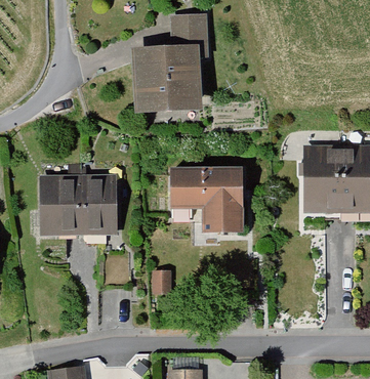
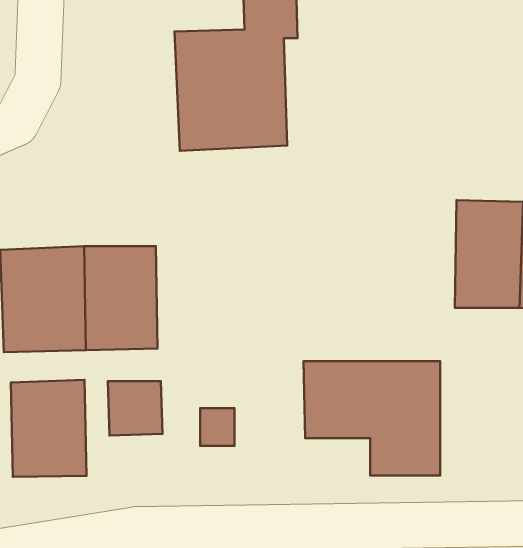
building: [165,168,247,237] -> [303,361,440,476]
building: none -> [11,380,86,477]

